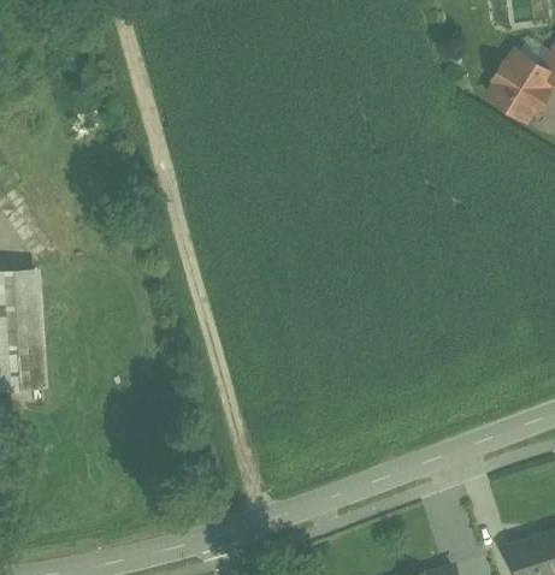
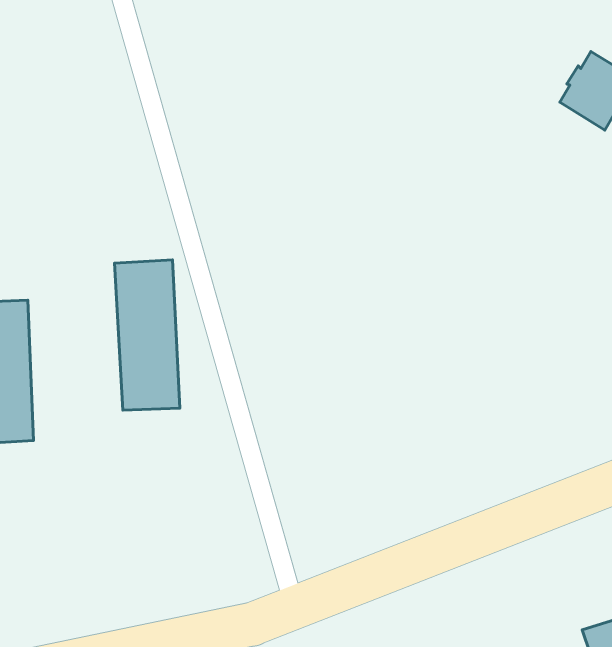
building: none -> [115,260,180,410]

